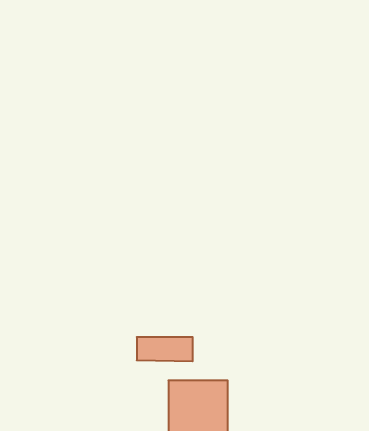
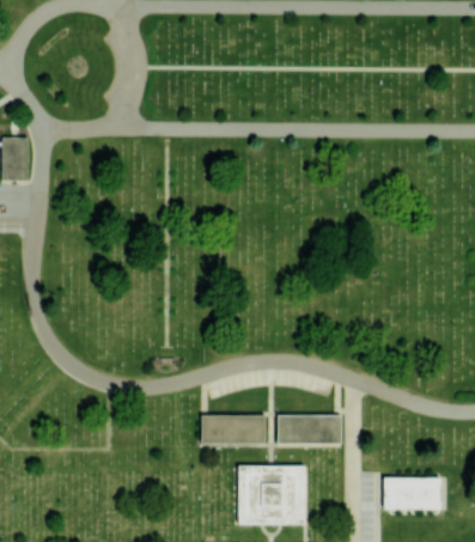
building: none -> [278,416,341,444]
building: none -> [384,477,445,510]

